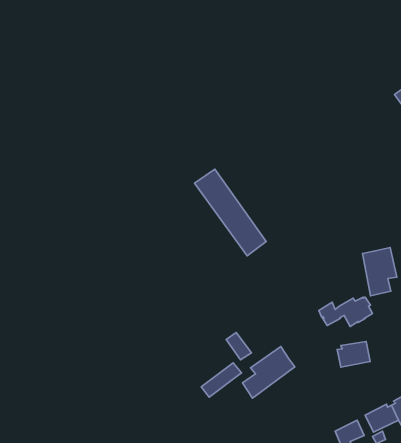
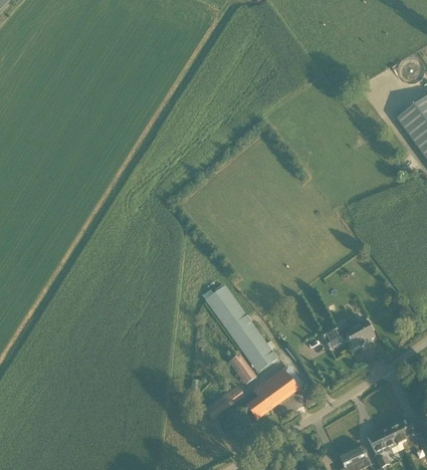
building: [195,169,266,256] -> [204,285,275,372]
building: [363,248,397,296] -> none
building: [337,342,370,367] -> none

